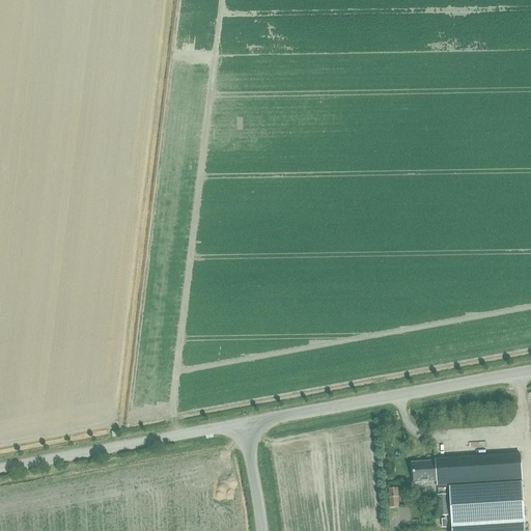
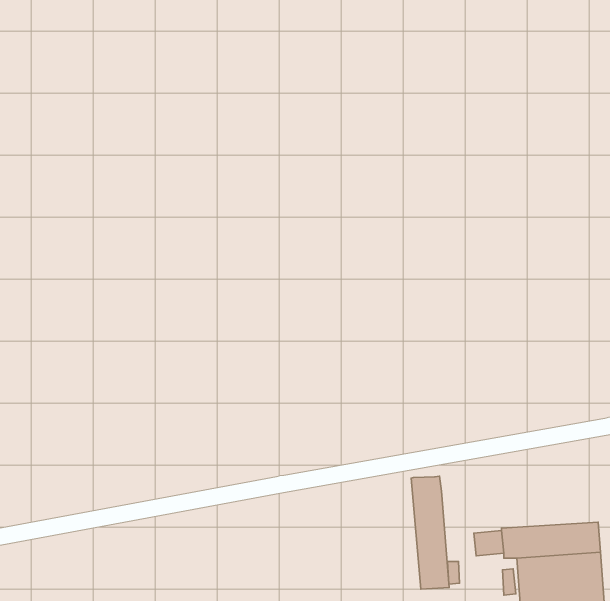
building: none -> [411,476,449,589]

